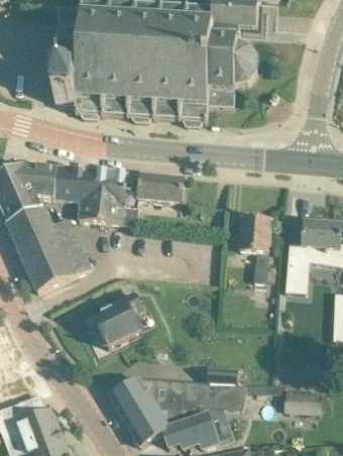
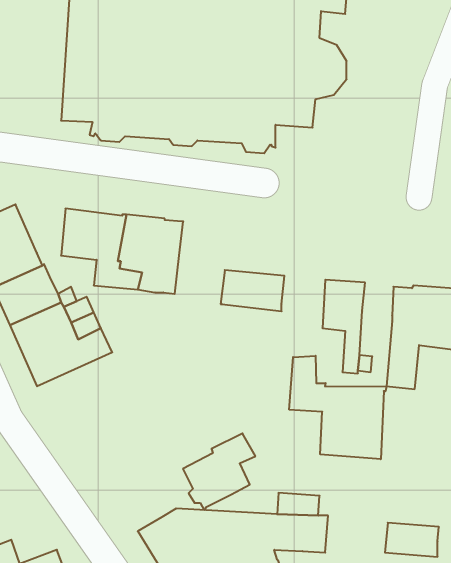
building: [21,162,56,199] -> none
building: [137,175,183,204] -> [221,270,284,311]
building: none -> [289,356,386,459]
building: [92,294,143,348] -> [183,433,255,510]

